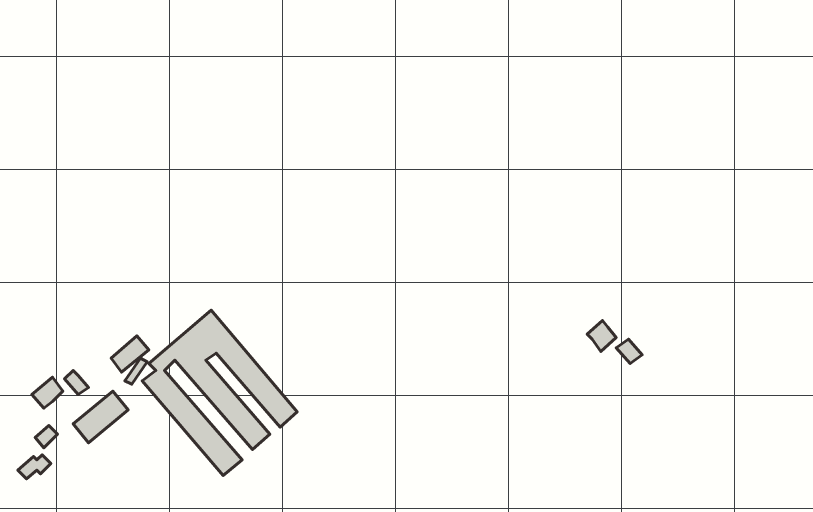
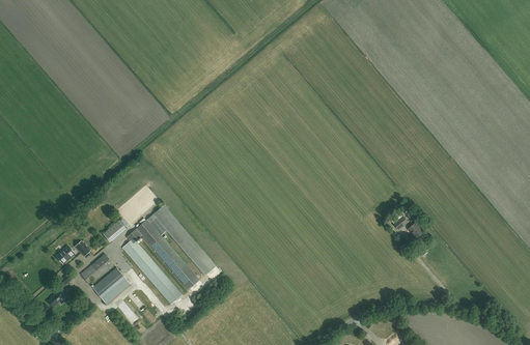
building: none -> [91,268,130,304]

